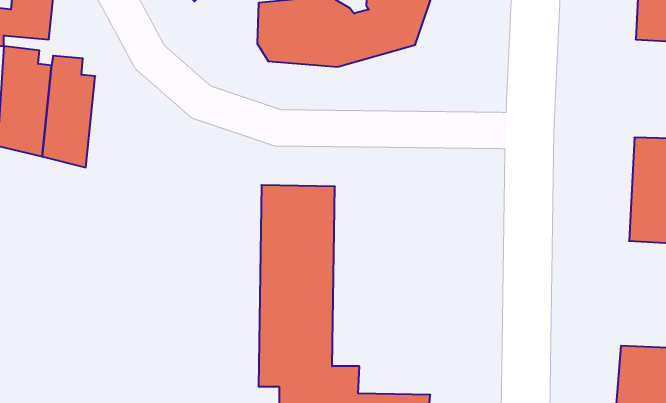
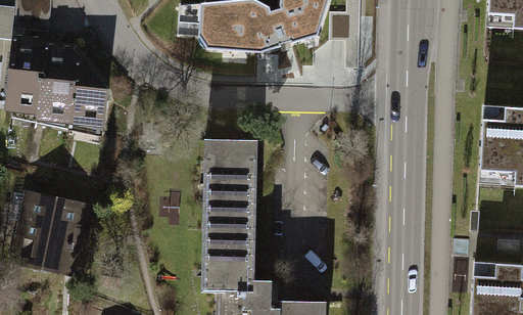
building: none -> [72,58,109,133]
building: none -> [12,192,95,278]

